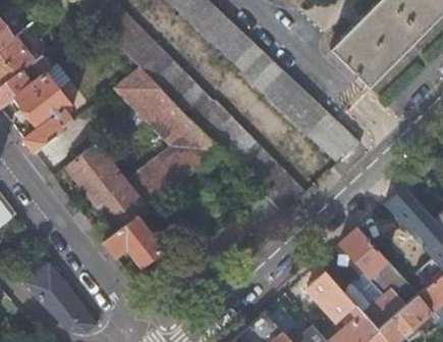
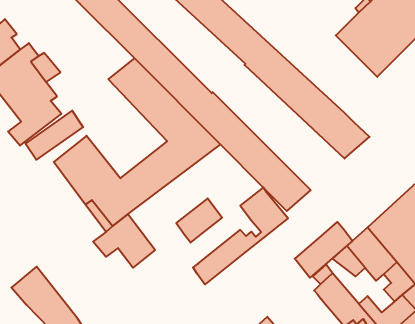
building: none -> [193,188,288,284]
building: none -> [176,198,222,243]
building: none -> [295,222,352,278]

